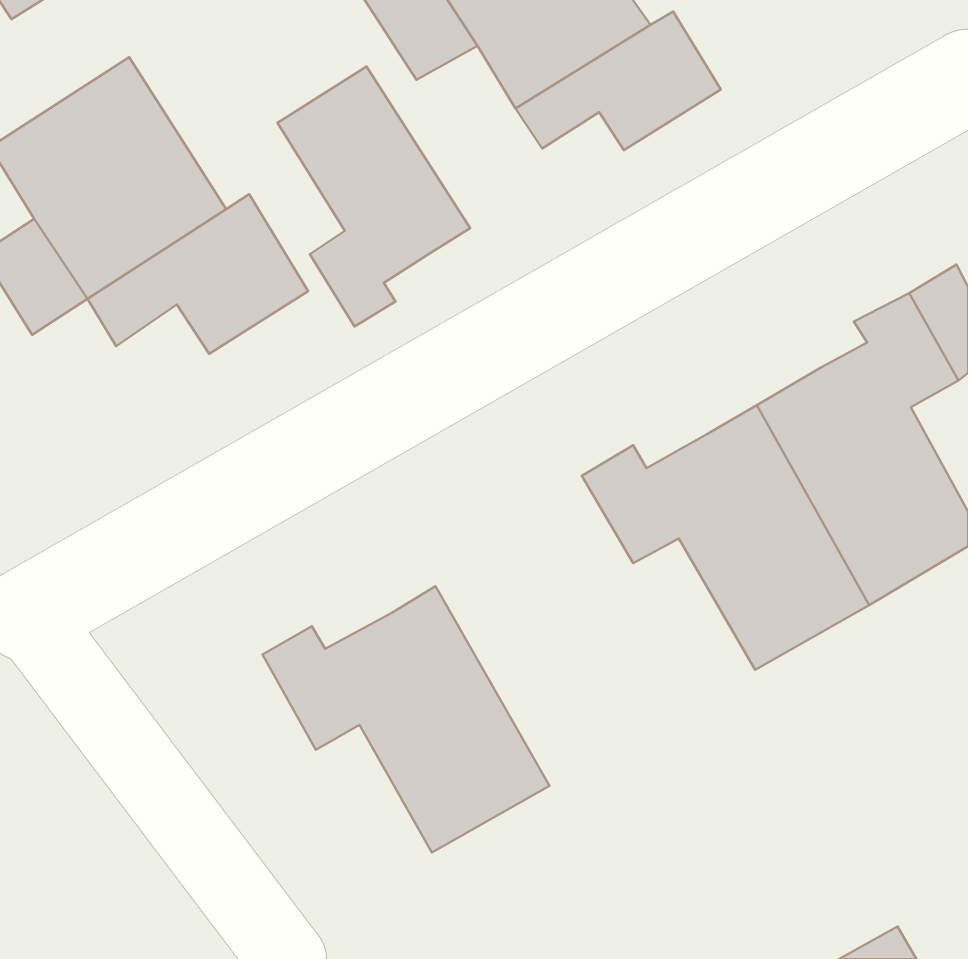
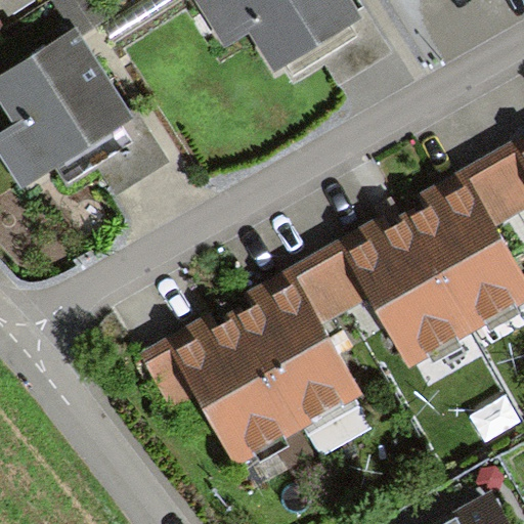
building: [278,66,470,327] -> none
building: none -> [234,256,365,447]

